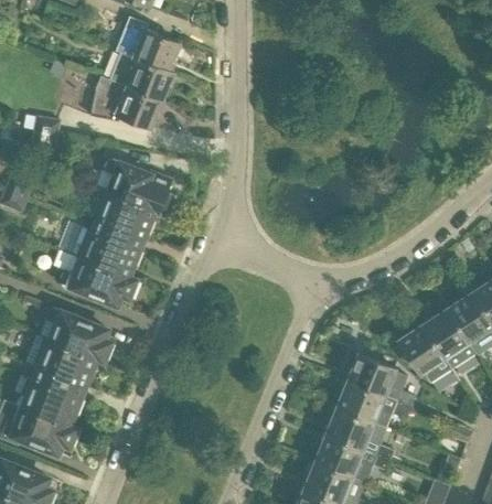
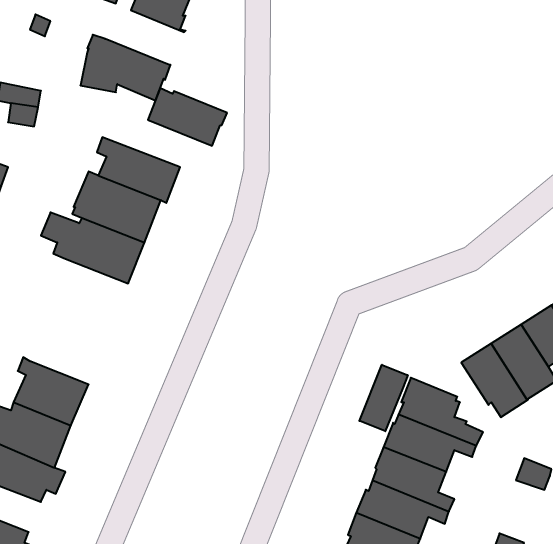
building: [110,54,174,100] -> [148,88,227,146]
building: [61,257,137,305] -> none
building: [41,307,113,361] -> none
building: none -> [359,365,408,431]

